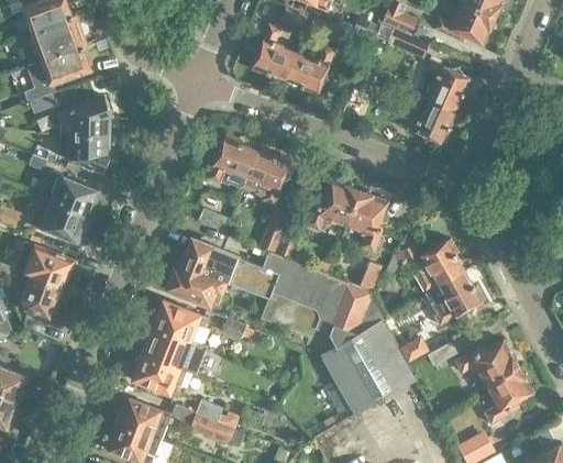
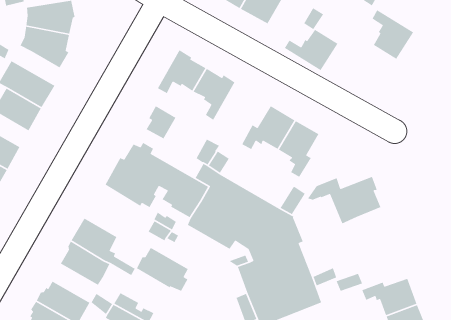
building: [400,99,457,143] -> [284,29,338,71]
building: [435,269,484,322] -> none
building: [151,300,208,343] -> [136,247,189,292]

